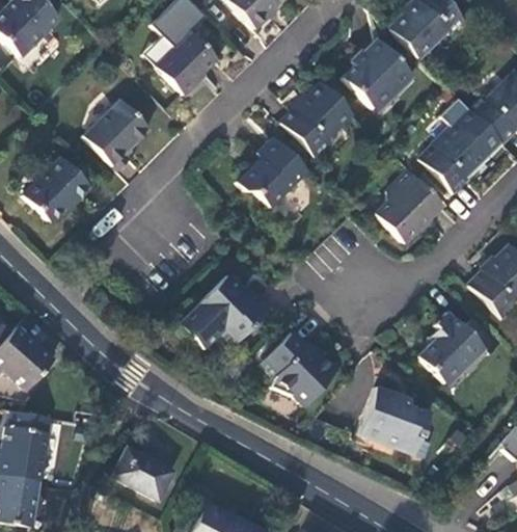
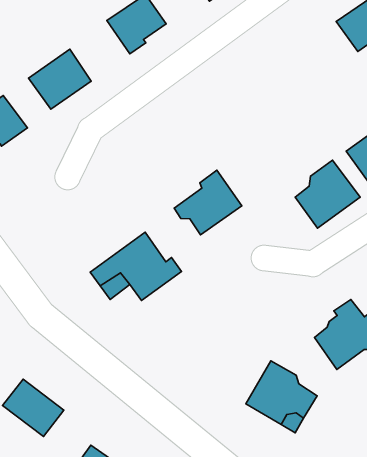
building: [345,38,414,108] -> none
building: [282,81,353,156] -> none
building: [238,135,306,204] -> [174,170,242,235]
building: [267,330,338,406] -> none

